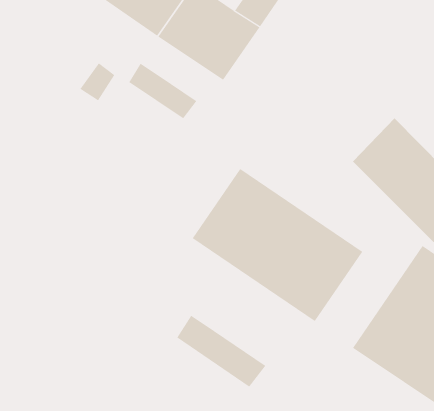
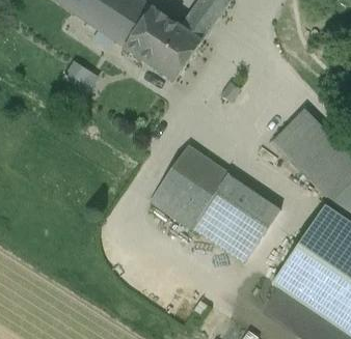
building: [128,63,197,119] -> none
building: [177,315,266,388] -> none

